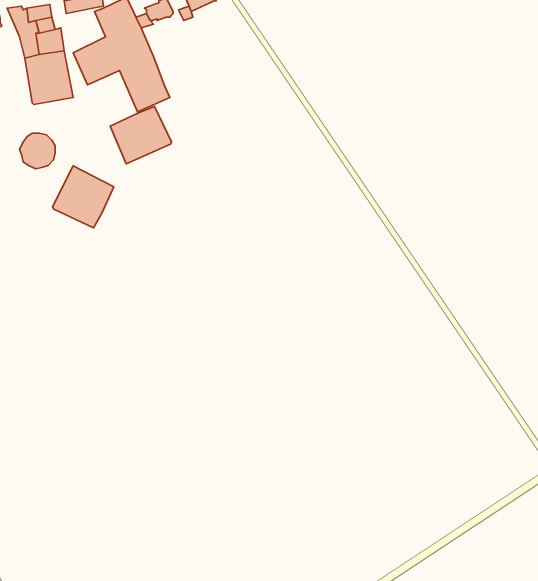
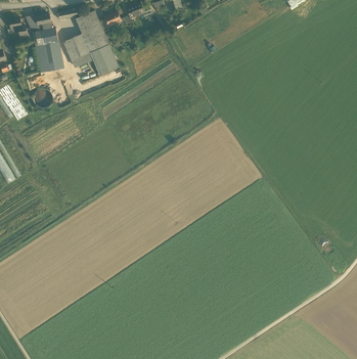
building: [110,107,171,164] -> none
building: [53,166,114,228] -> none

